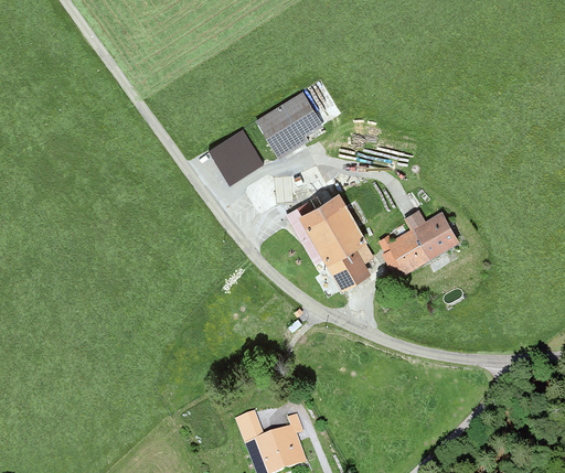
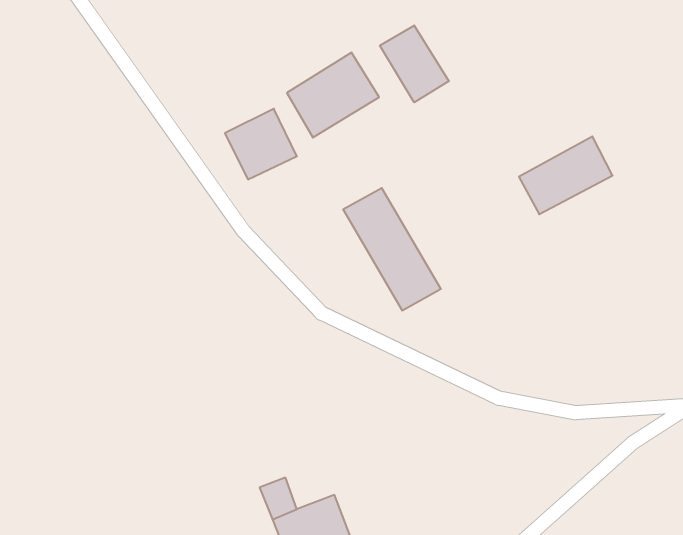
building: none -> [380,25,449,102]
building: [387,215,459,275] -> [519,136,613,214]

